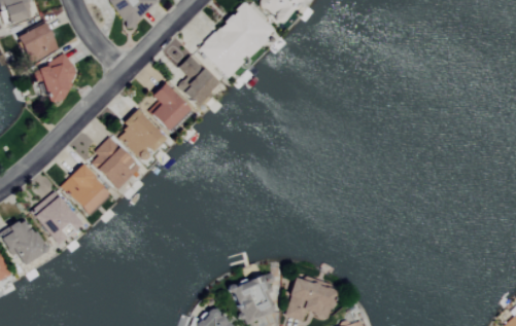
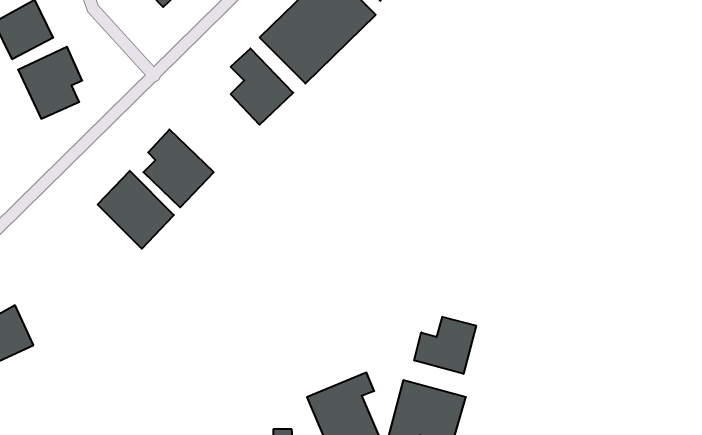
building: [150,82,191,131] -> none
building: [59,166,109,216] -> none
building: [30,192,80,246] -> none
building: none -> [414,317,476,374]

